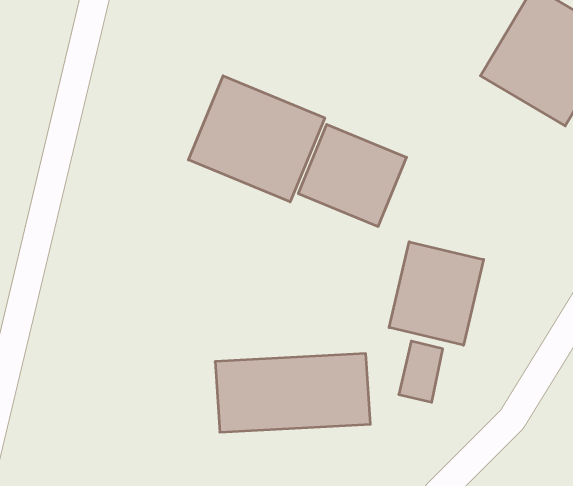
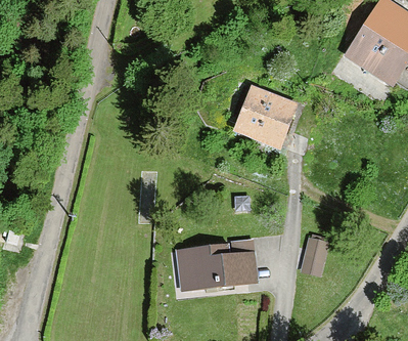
building: [188,76,325,202] -> none
building: [389,242,484,345] -> none

